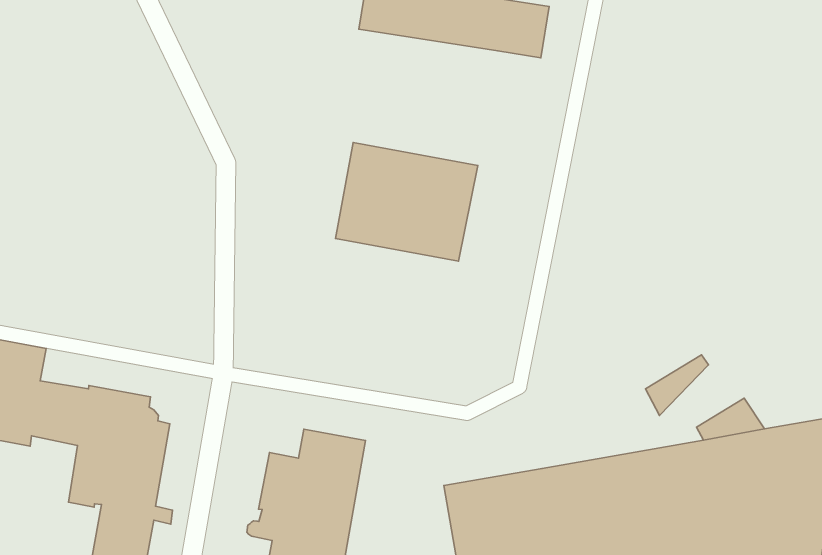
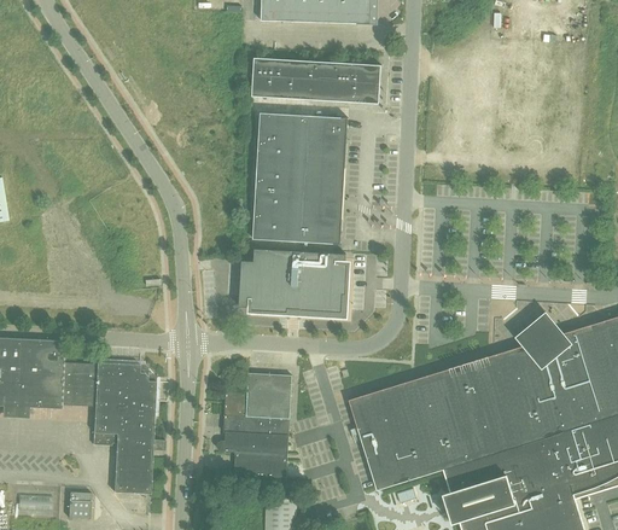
building: none -> [256,113,348,176]
building: none -> [239,249,348,314]
building: [646,355,709,416] -> none

